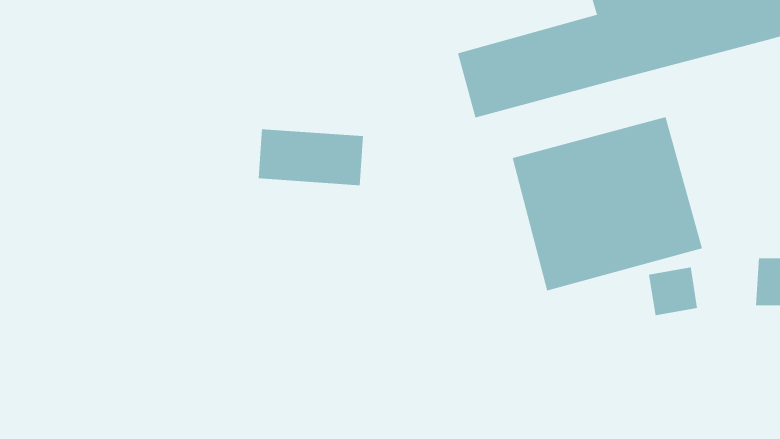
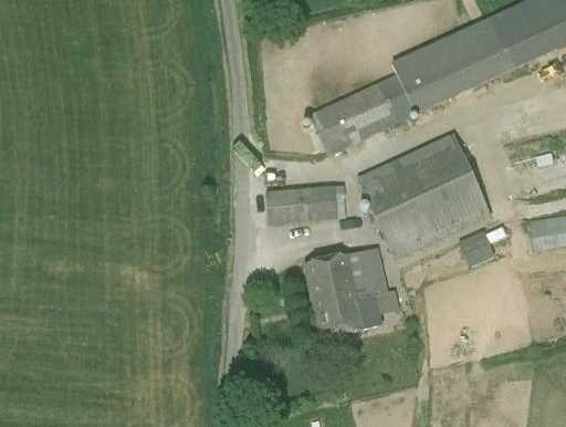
building: [258,129,364,186] -> [266,185,338,225]
building: none -> [305,248,400,339]

